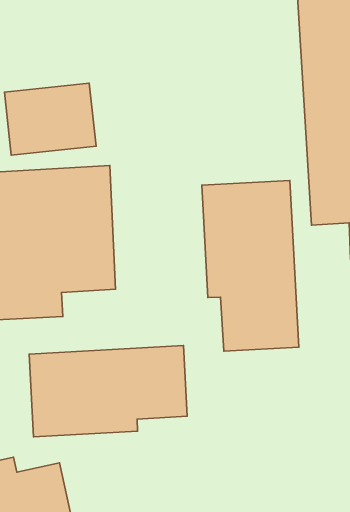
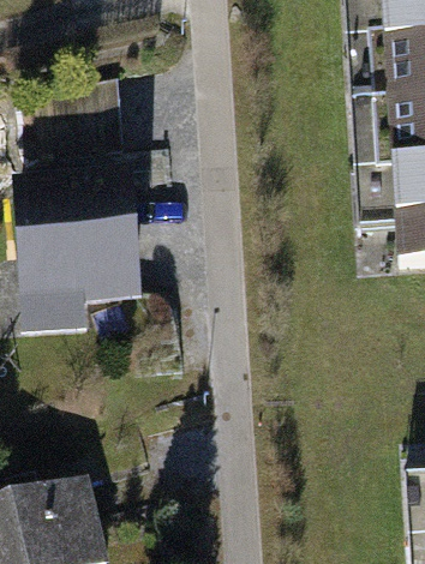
building: [202,181,299,351] -> none
building: [29,346,187,437] -> none

